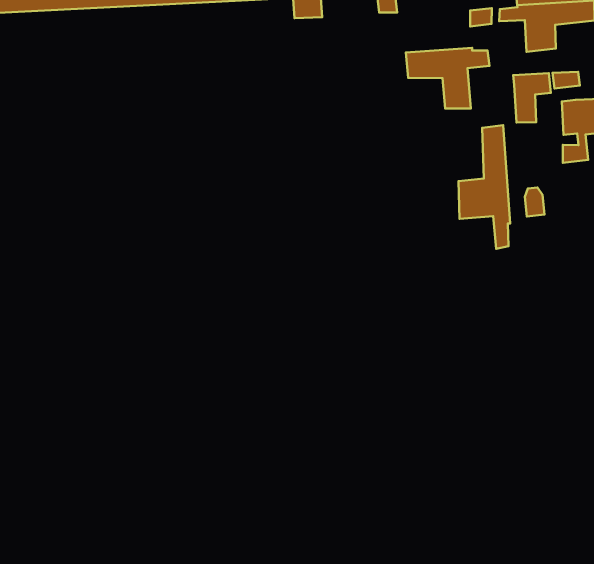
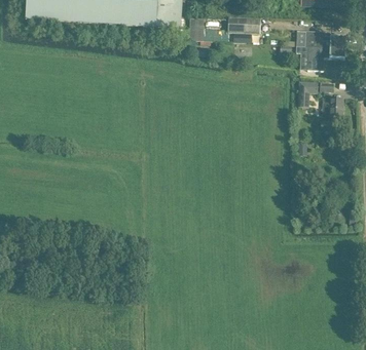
building: [406,48,490,109] -> none
building: [459,125,510,249] -> none

